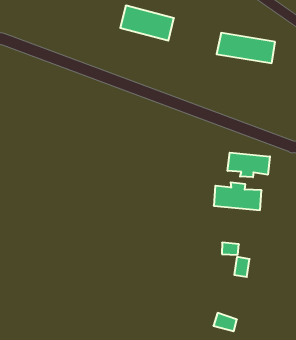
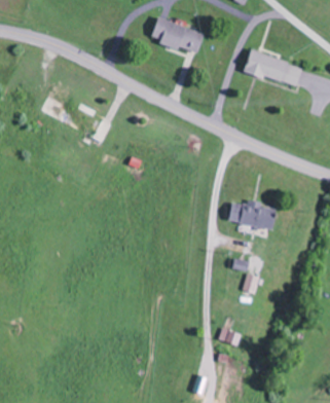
building: [228,153,270,177] -> none

